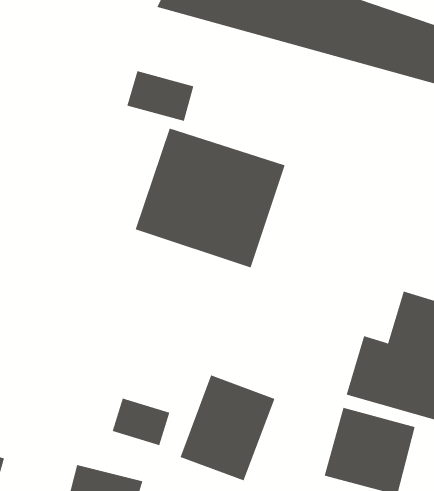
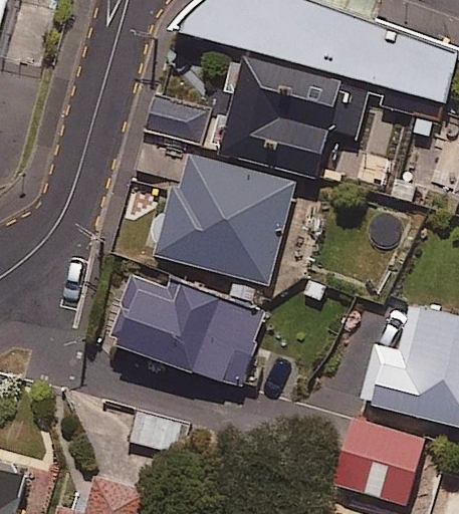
building: none -> [214,57,369,181]
building: none -> [120,265,267,386]
building: [180,374,275,481] -> none

